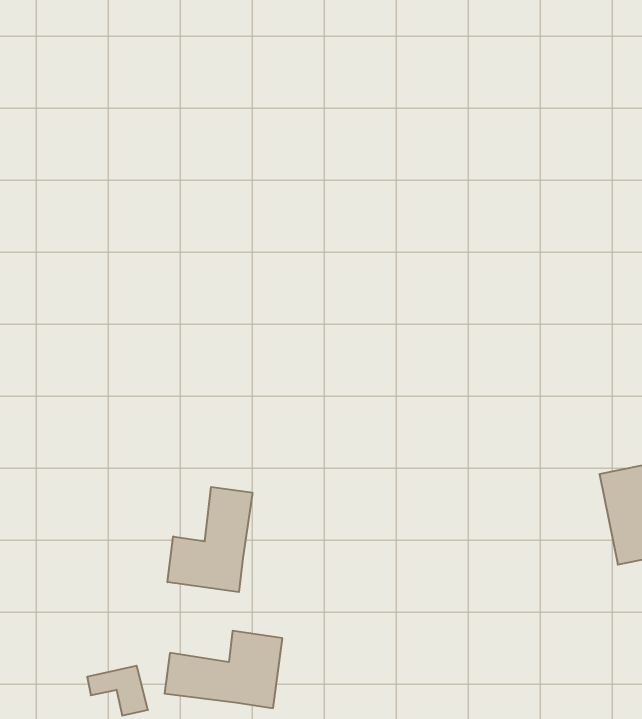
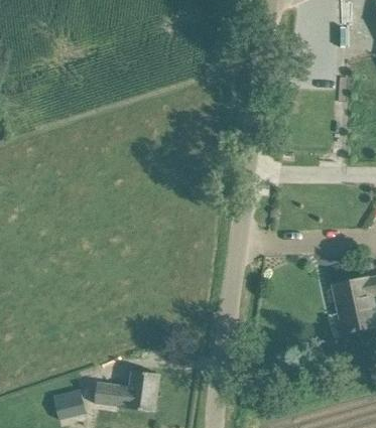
building: [168,487,252,592] -> none

